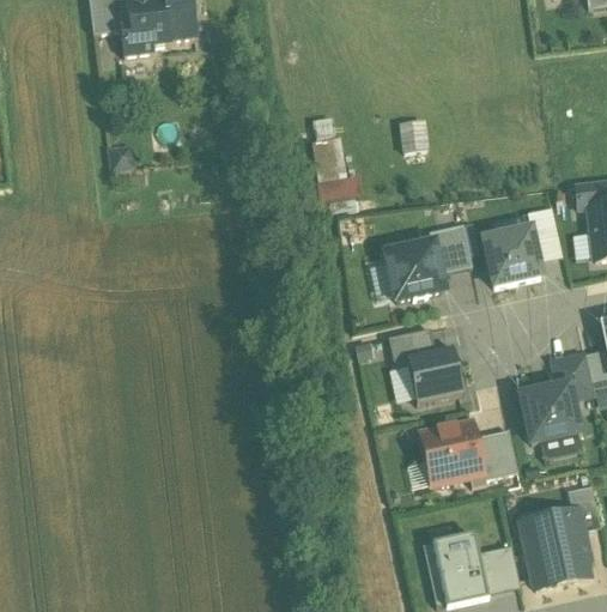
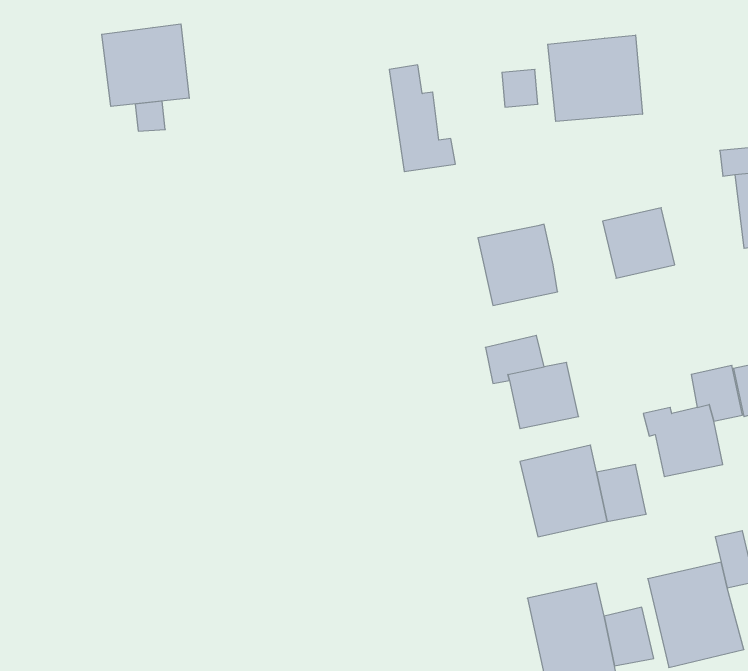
building: none -> [102,24,189,106]
building: none -> [548,35,642,121]
building: [429,226,471,273] -> none

